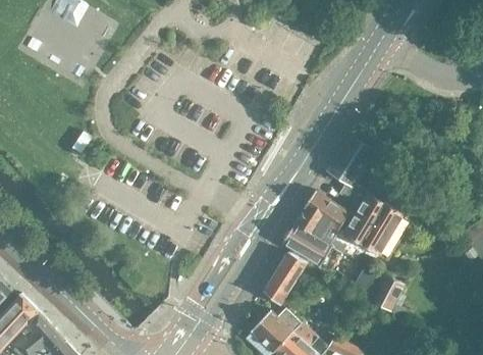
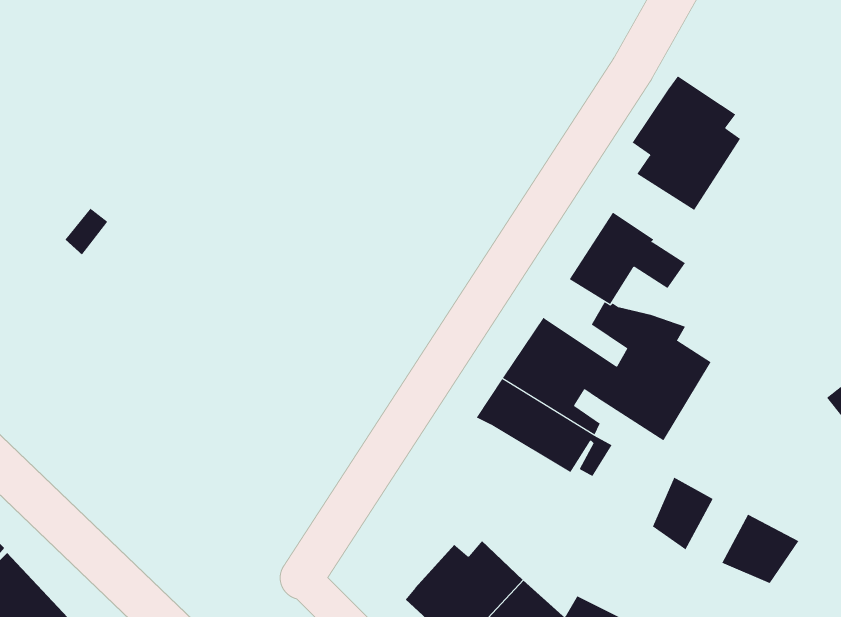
building: none -> [632,75,741,211]
building: [263,253,306,306] -> none
building: none -> [721,514,799,584]

